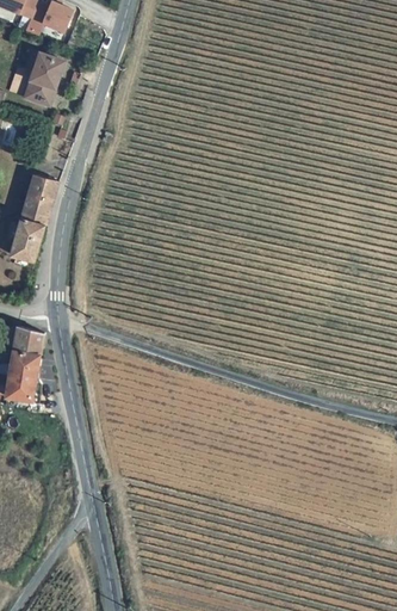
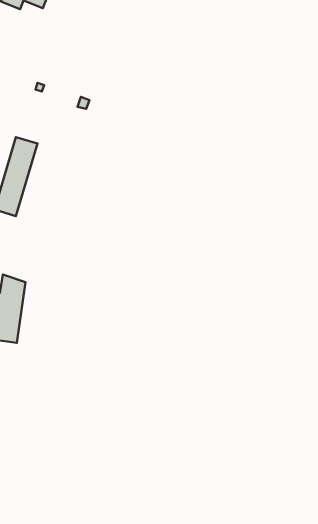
building: [24,54,57,106] -> none

